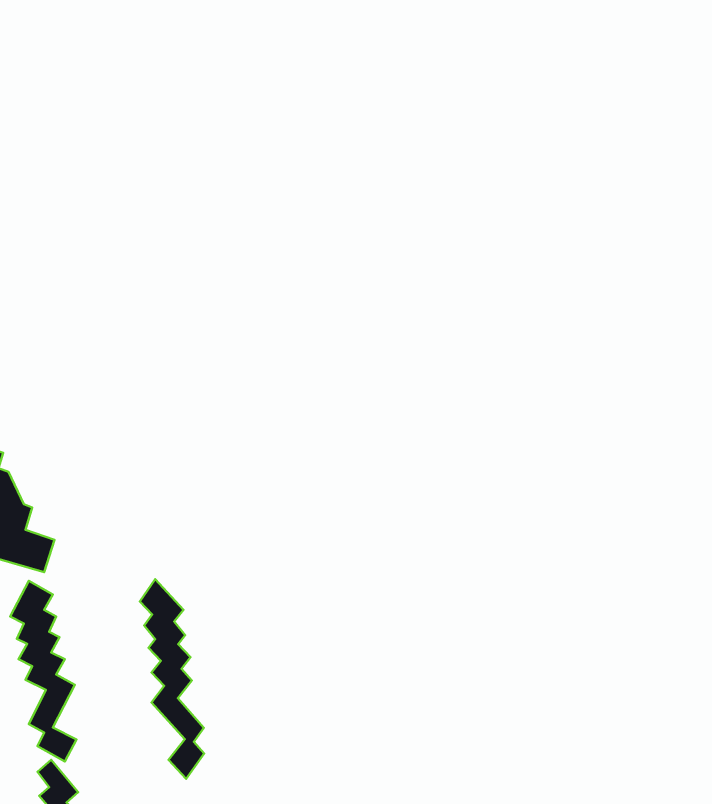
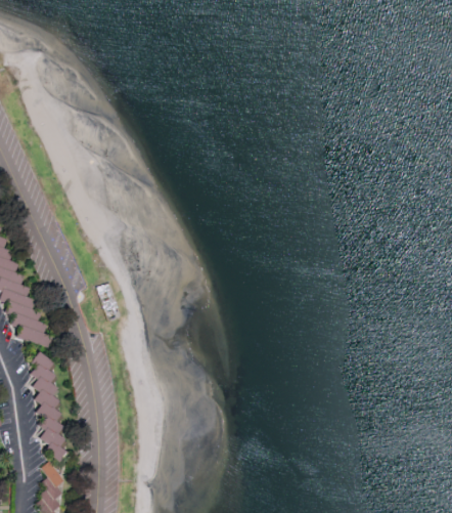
building: [140,579,204,779] -> none

